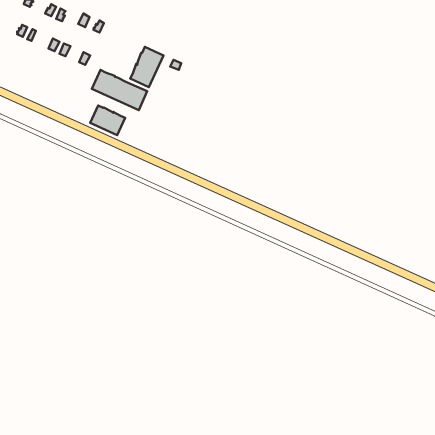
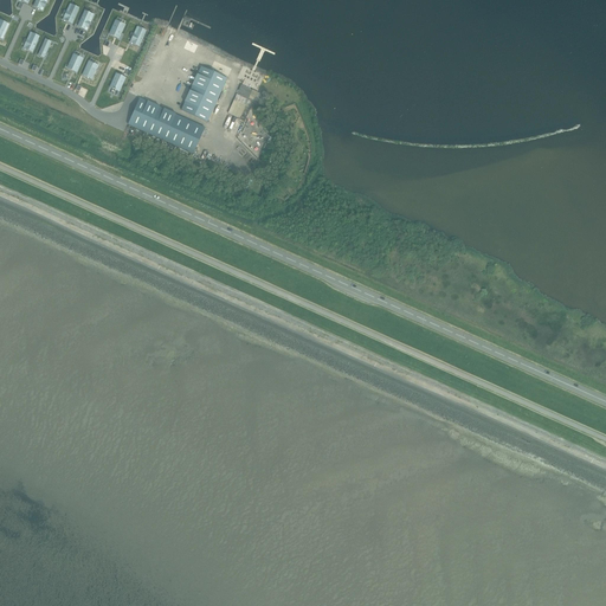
building: [90,106,125,135] -> none

